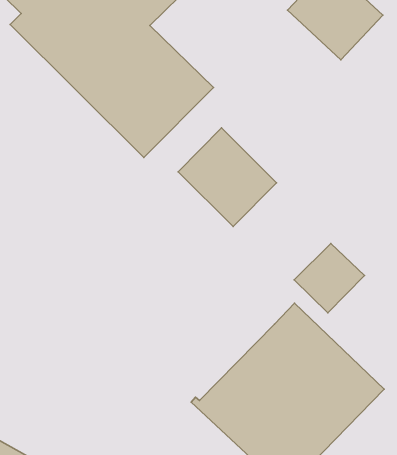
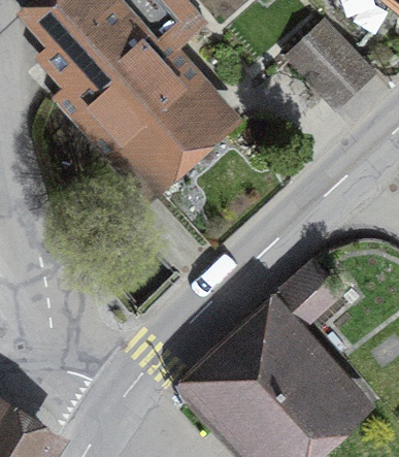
building: [178,128,276,226] -> none

